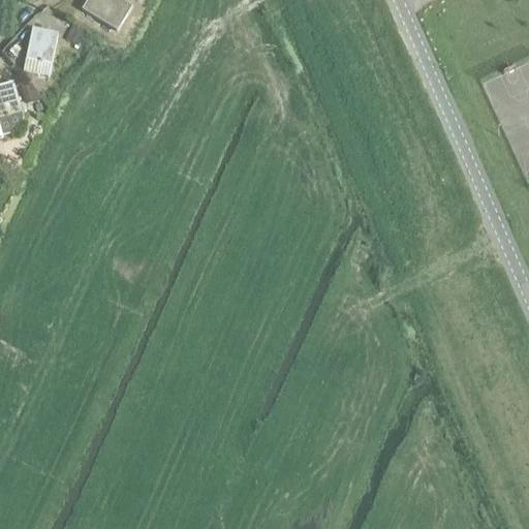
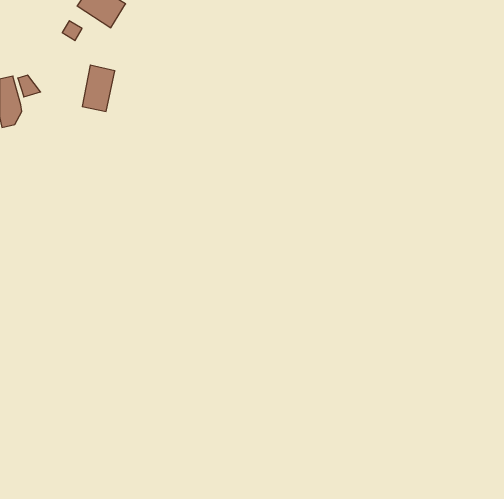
building: [23,25,57,73] -> [82,65,115,111]

